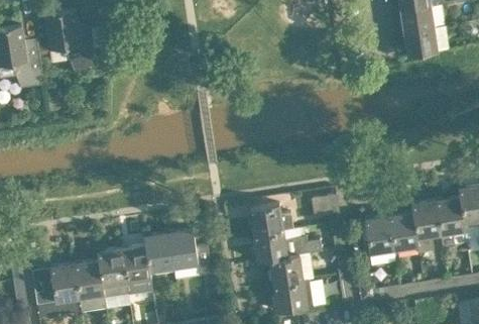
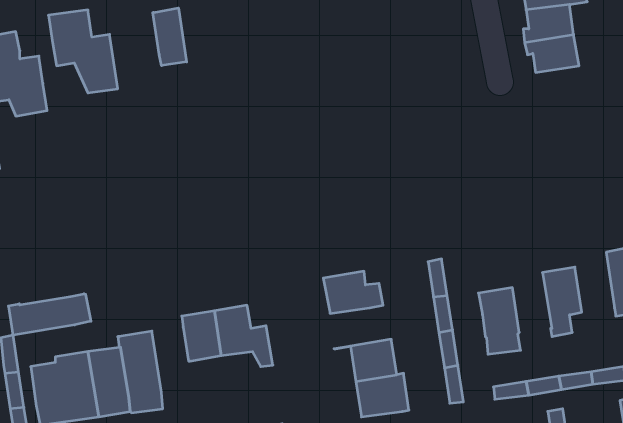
building: none -> [153,8,187,66]
building: [436,189,465,246] -> none
building: [389,204,418,248] -> none
building: none -> [8,294,91,335]
building: [254,230,321,260] -> none
building: [122,244,150,293] -> none

